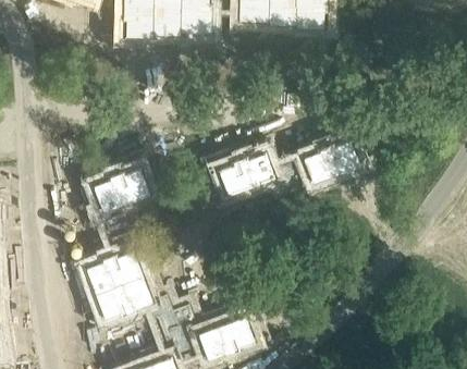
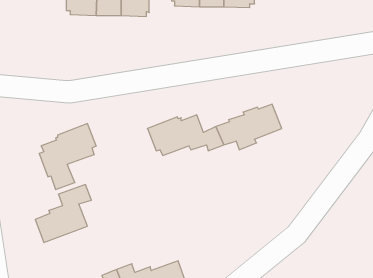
building: [95,274,162,324] -> none

